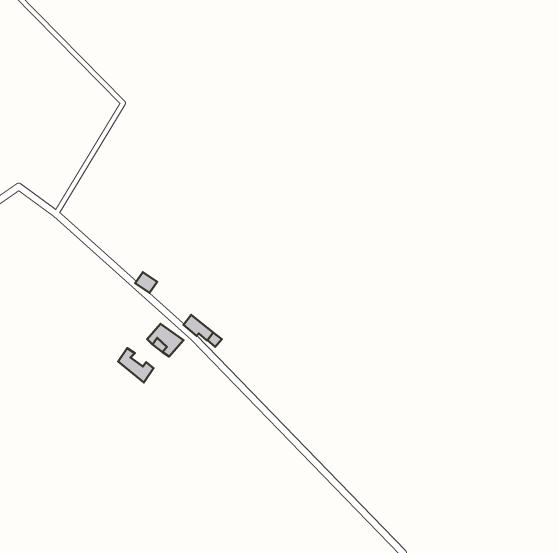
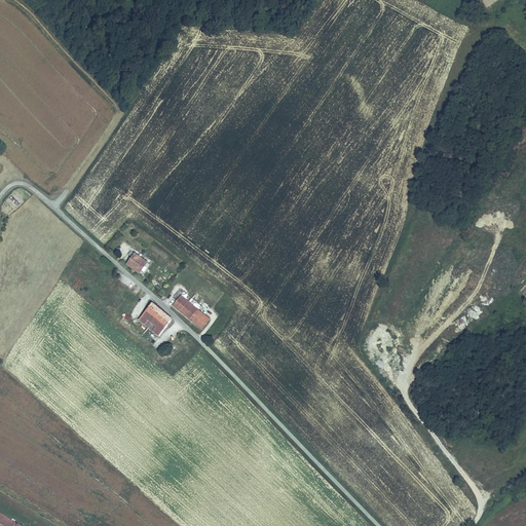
building: [118,348,153,383] -> none

